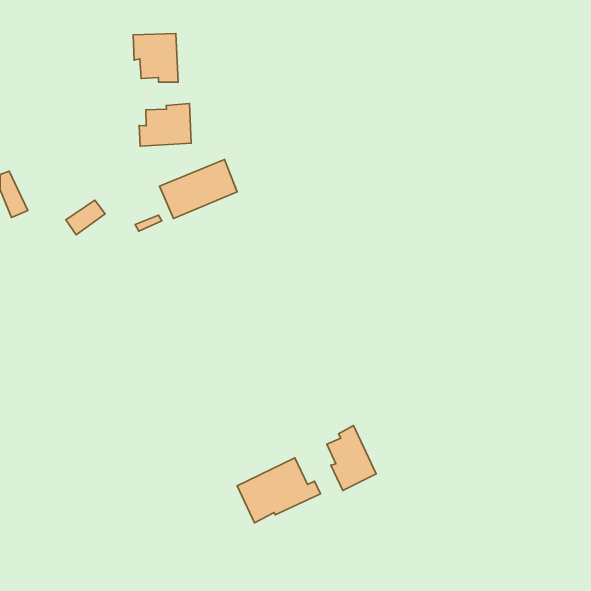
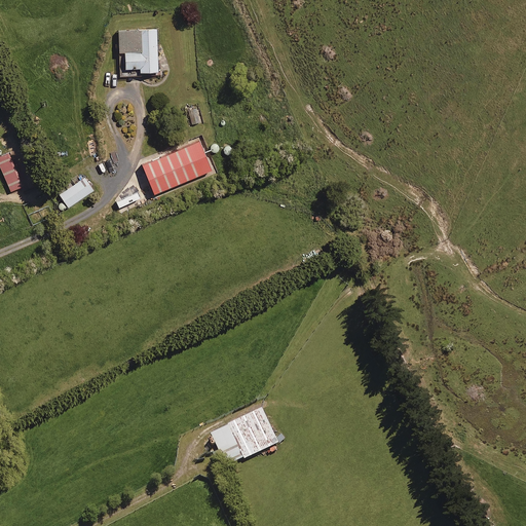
building: [139,104,191,146] -> none
building: [327,426,376,491] -> none

